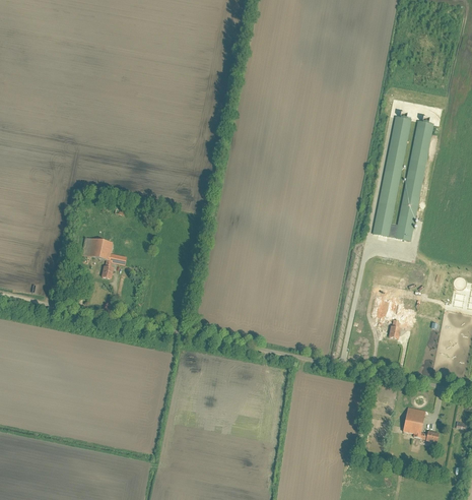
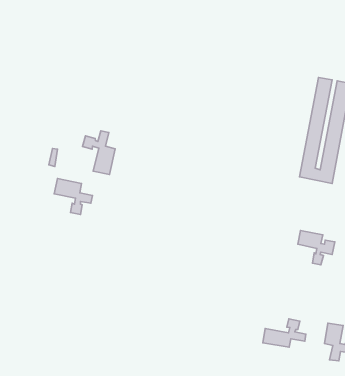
building: none -> [83,131,115,175]
building: none -> [263,319,306,347]

